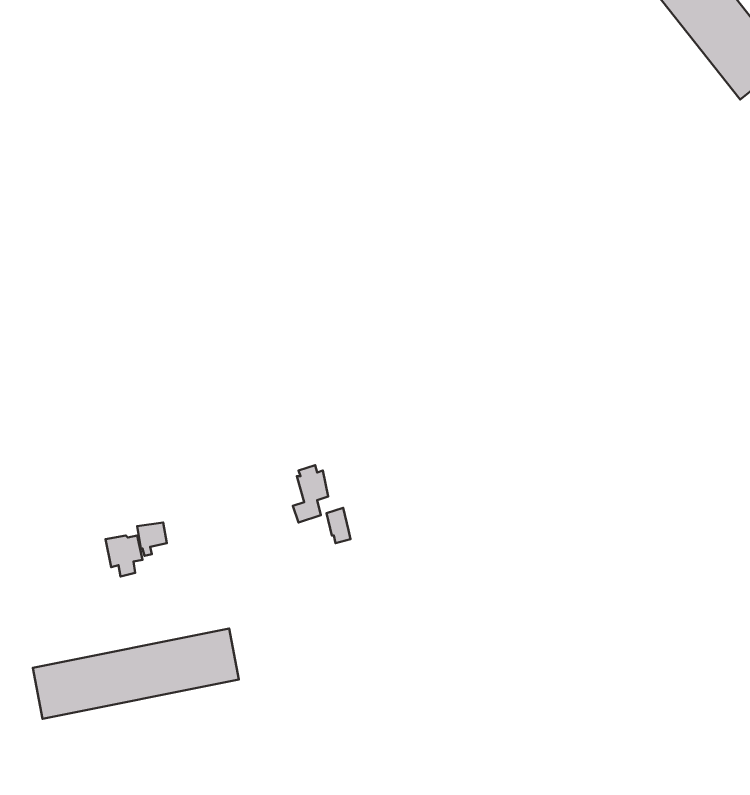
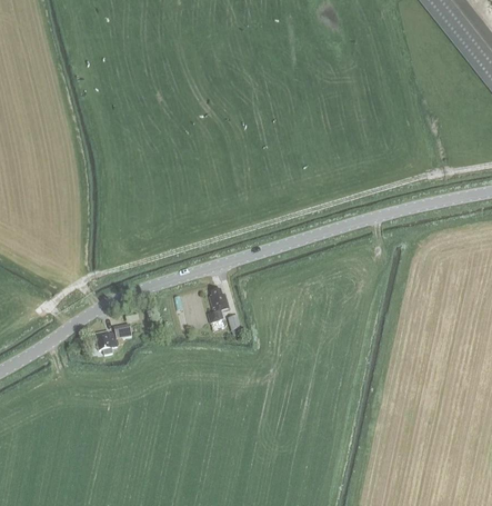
building: [33,628,239,719] -> none

